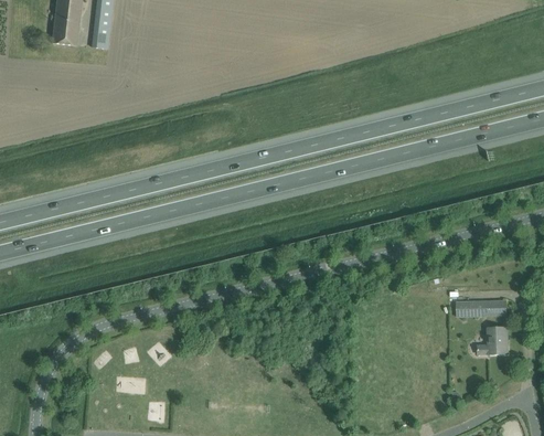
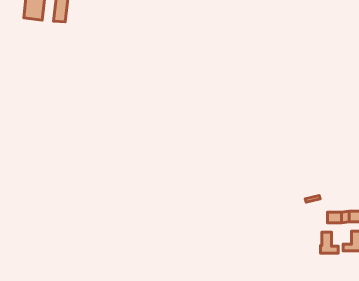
building: none -> [321,232,338,253]

